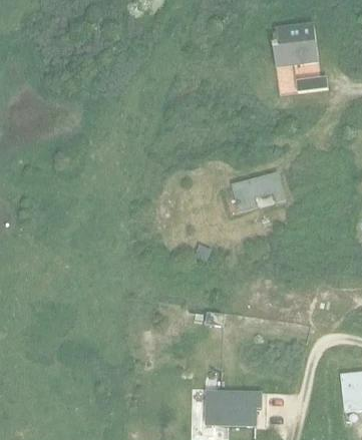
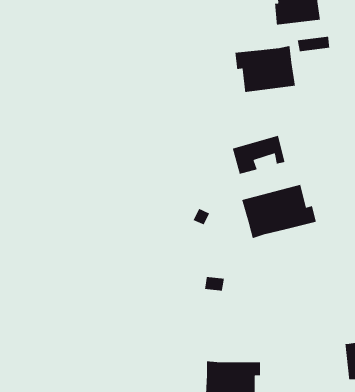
building: none -> [235,45,296,93]
building: none -> [241,184,317,239]

